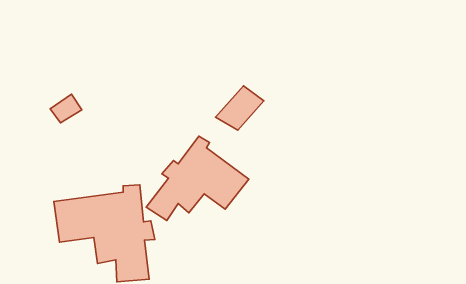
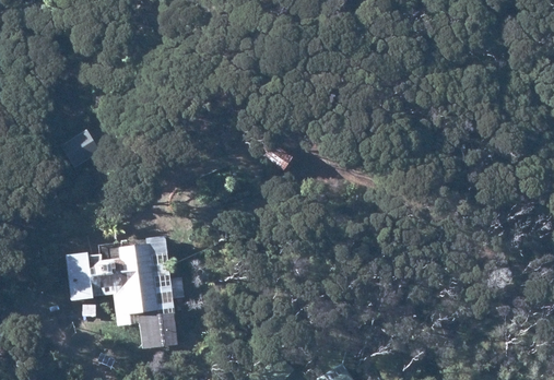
building: [146,136,249,221] -> none

